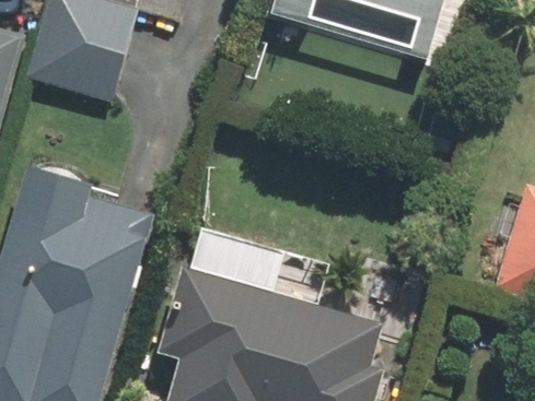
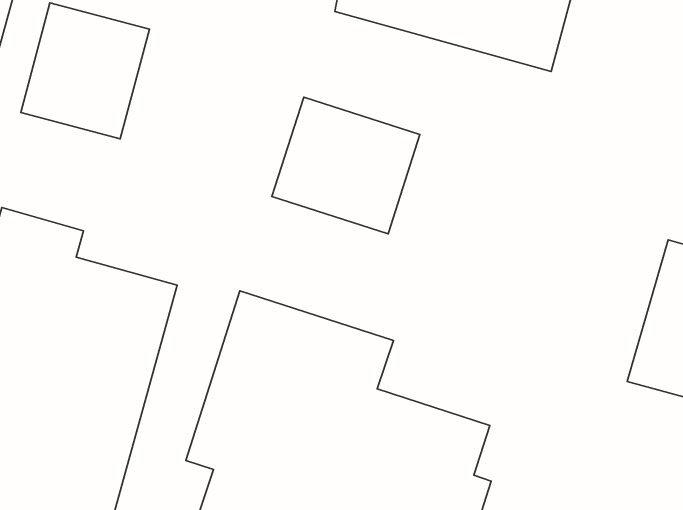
building: none -> [272,97,420,234]

